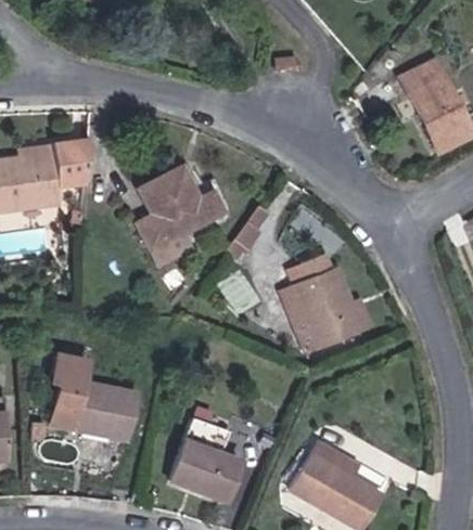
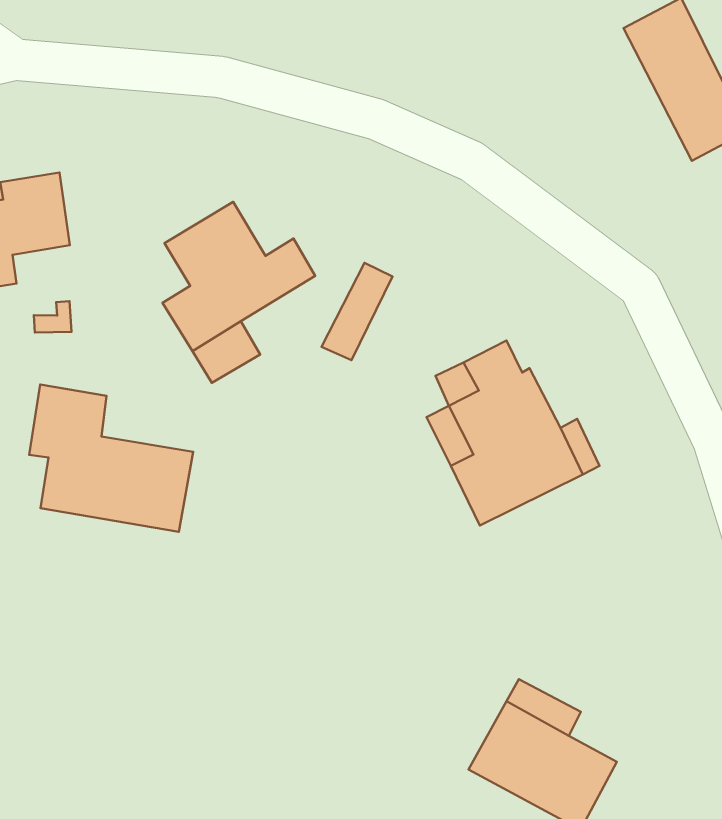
building: [49,350,141,438] -> [29,385,193,532]
building: [170,422,241,501] -> none

